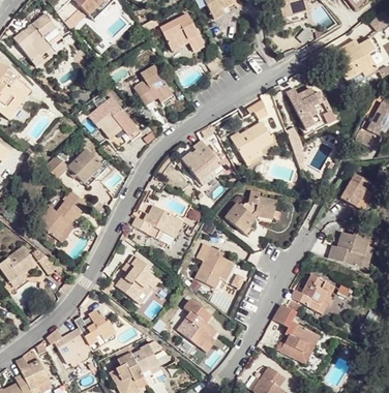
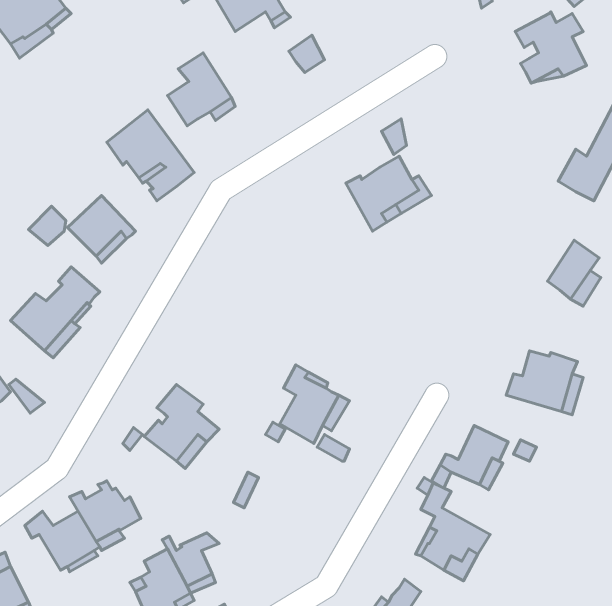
building: [293,91,327,133] -> none
building: [178,140,215,181] -> none
building: [225,194,278,238] -> none
building: [133,207,185,240] -> none
building: [176,300,216,347] -> none

